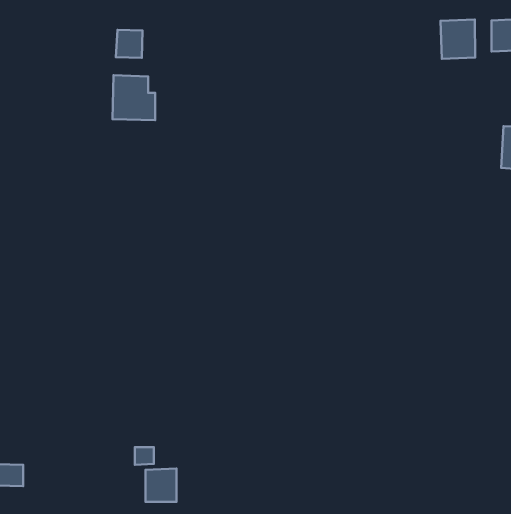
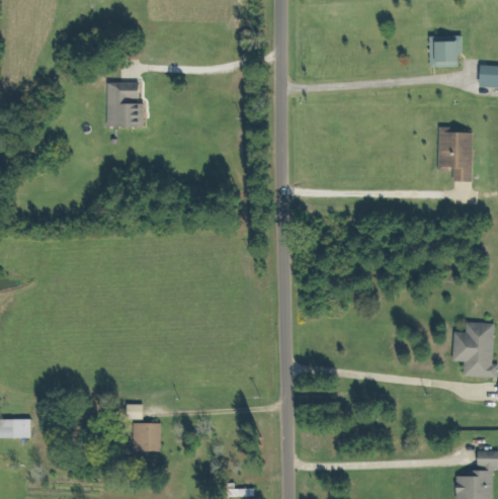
building: [440,20,475,59] -> none
building: [116,30,142,58] -> none

